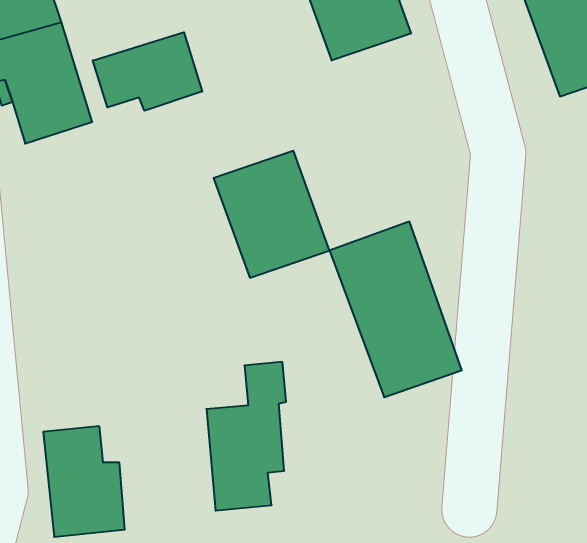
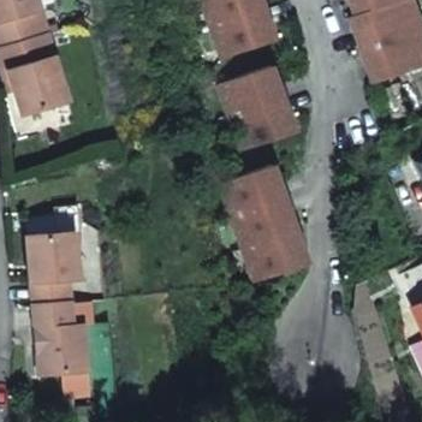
building: [93,32,202,111] -> none
building: [214,151,330,278] -> [220,67,297,151]
building: [206,362,286,511] -> [26,207,79,305]

